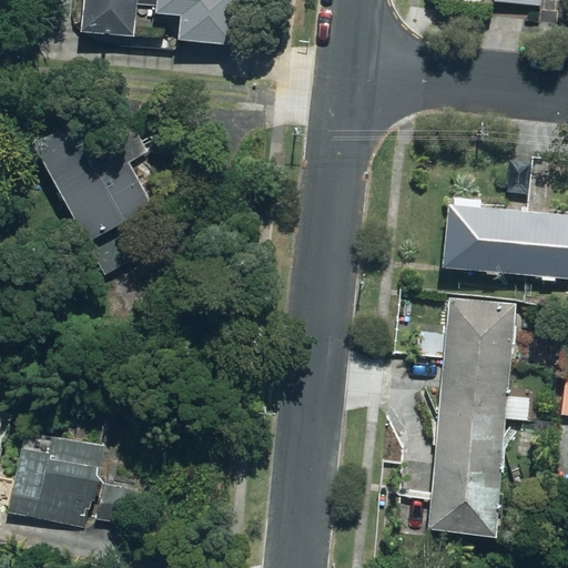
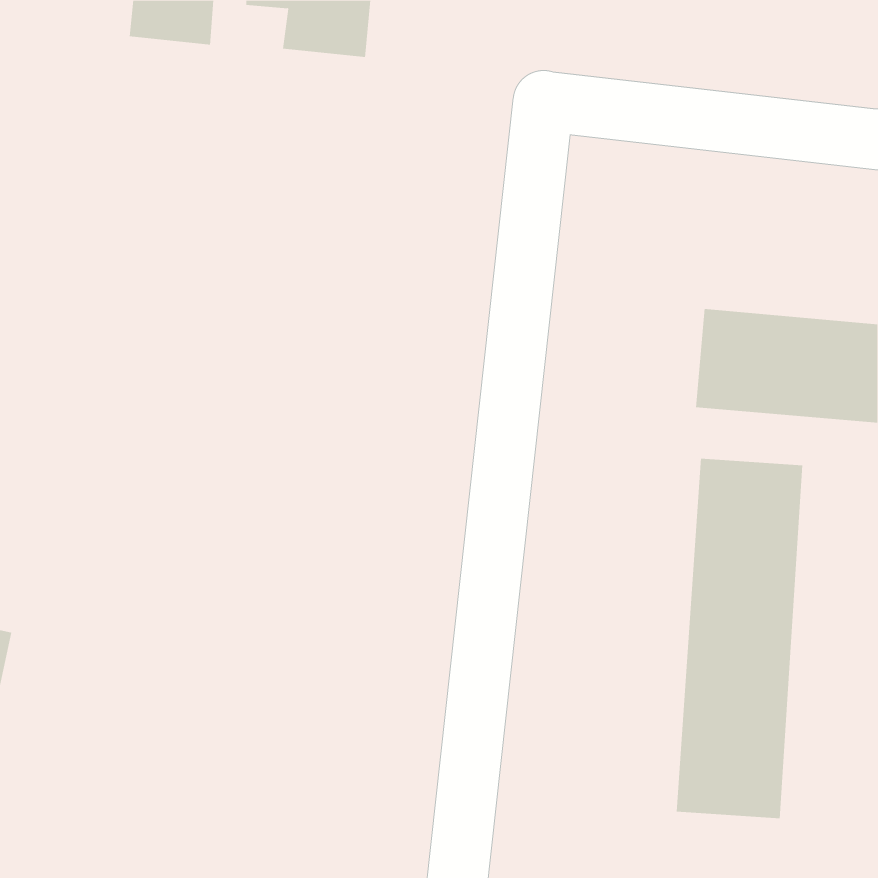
building: [31,121,151,242] -> none
building: [8,433,104,529] -> none

